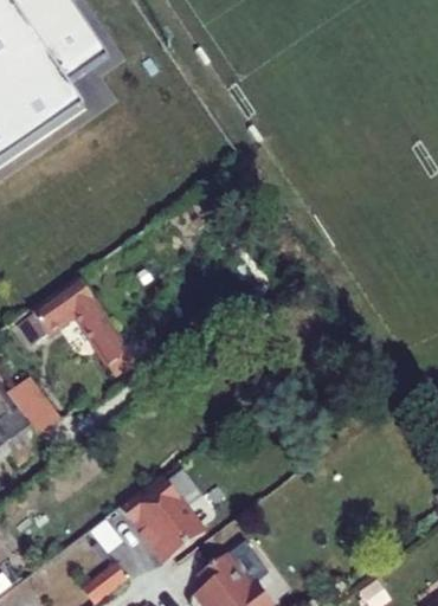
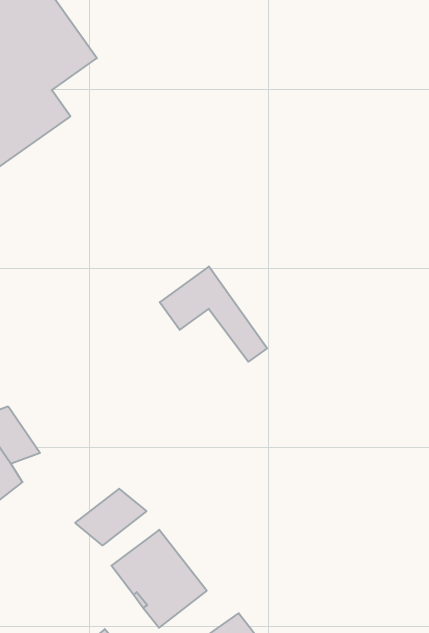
building: [37,281,133,366] -> [160,266,267,362]
building: none -> [75,489,146,545]

